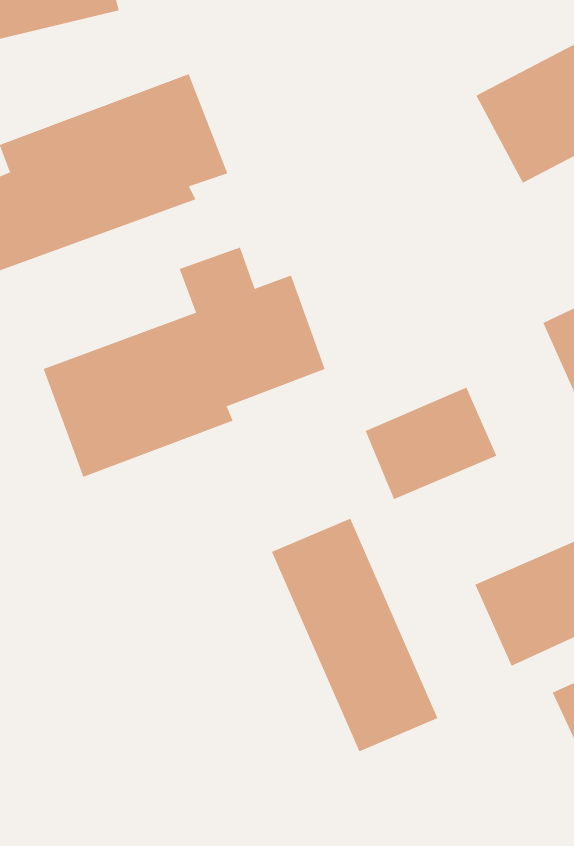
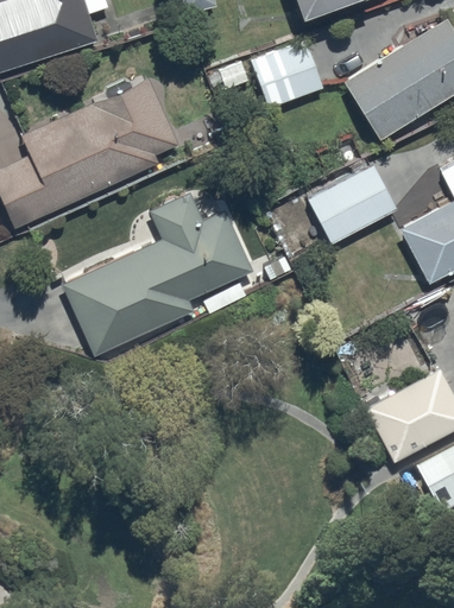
building: none -> [253,42,323,109]
building: [365,387,497,500] -> [307,165,397,245]
building: [271,518,438,752] -> none

